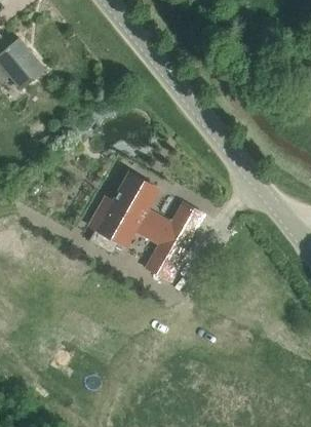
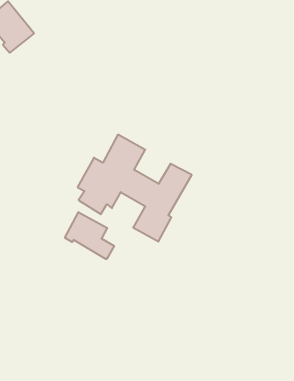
building: none -> [65,212,114,259]

